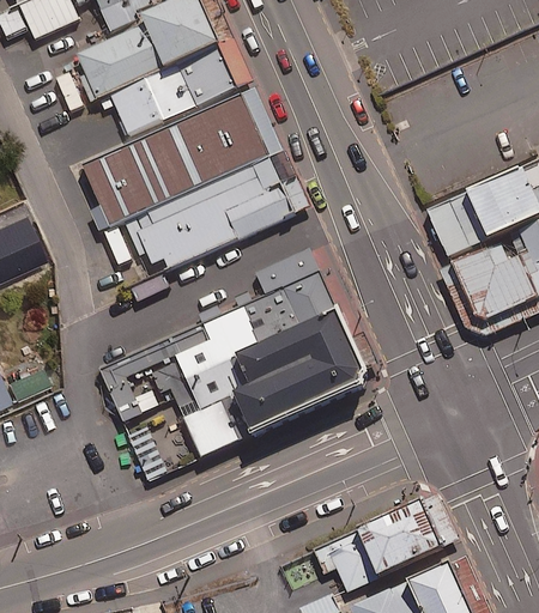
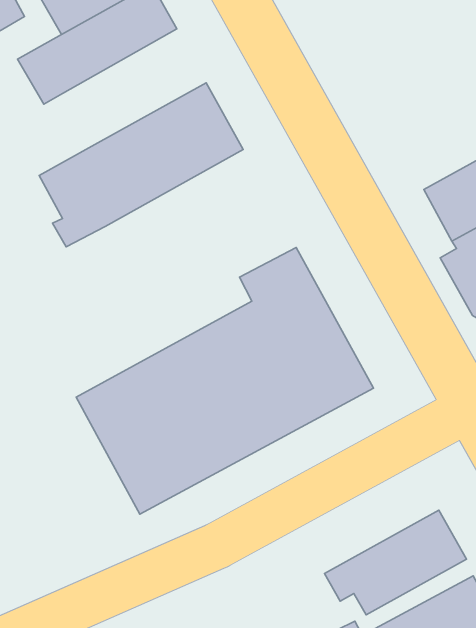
building: [110,41,242,141] -> none
building: [139,156,297,271] -> none

